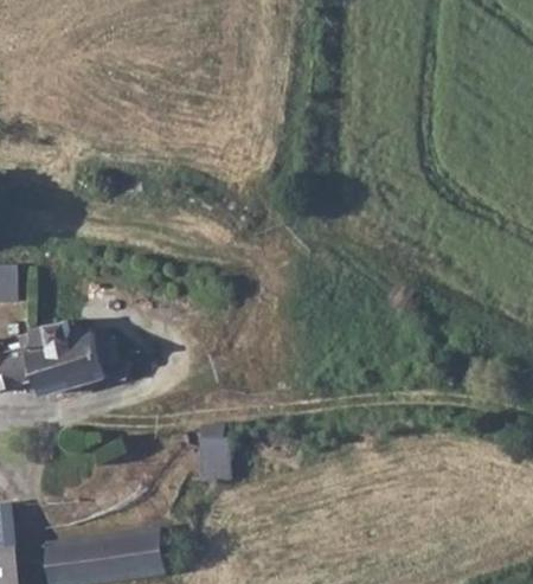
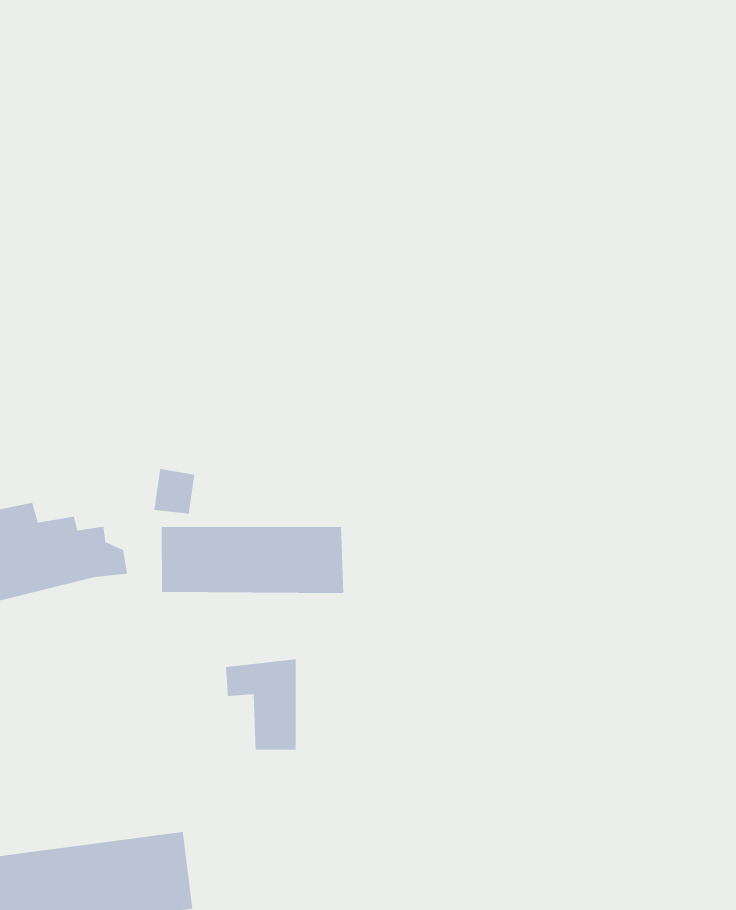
building: none -> [161,526,344,594]

